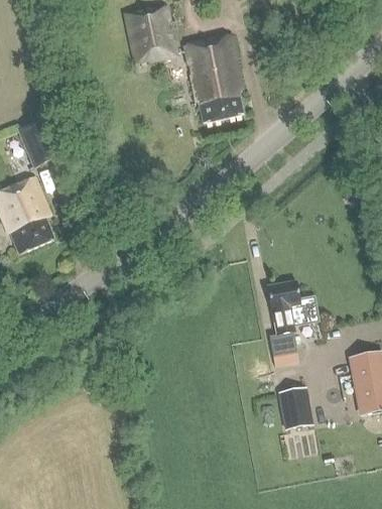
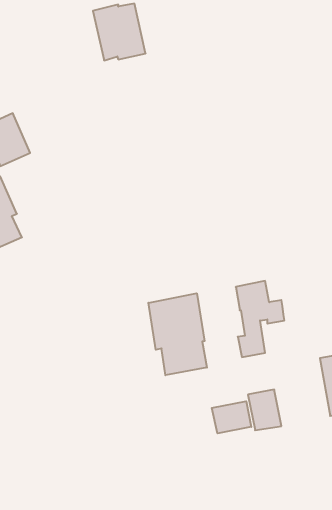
building: [179,33,243,123] -> none
building: none -> [148,293,207,375]
building: none -> [212,401,251,433]

